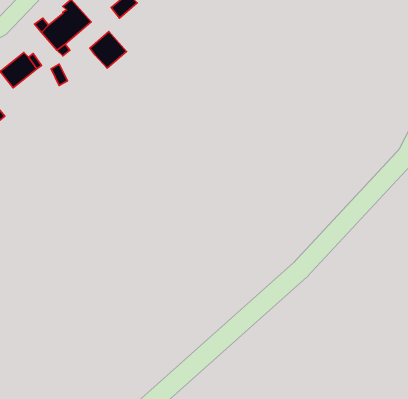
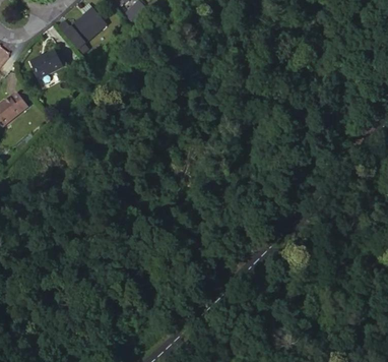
building: [90,31,126,68] -> none

